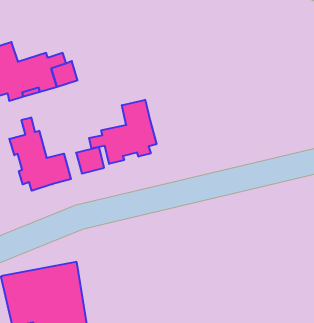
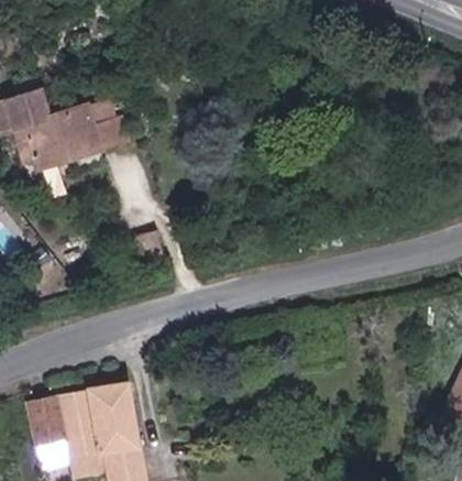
building: [89,100,156,164] -> none
building: [9,117,71,191] -> none

